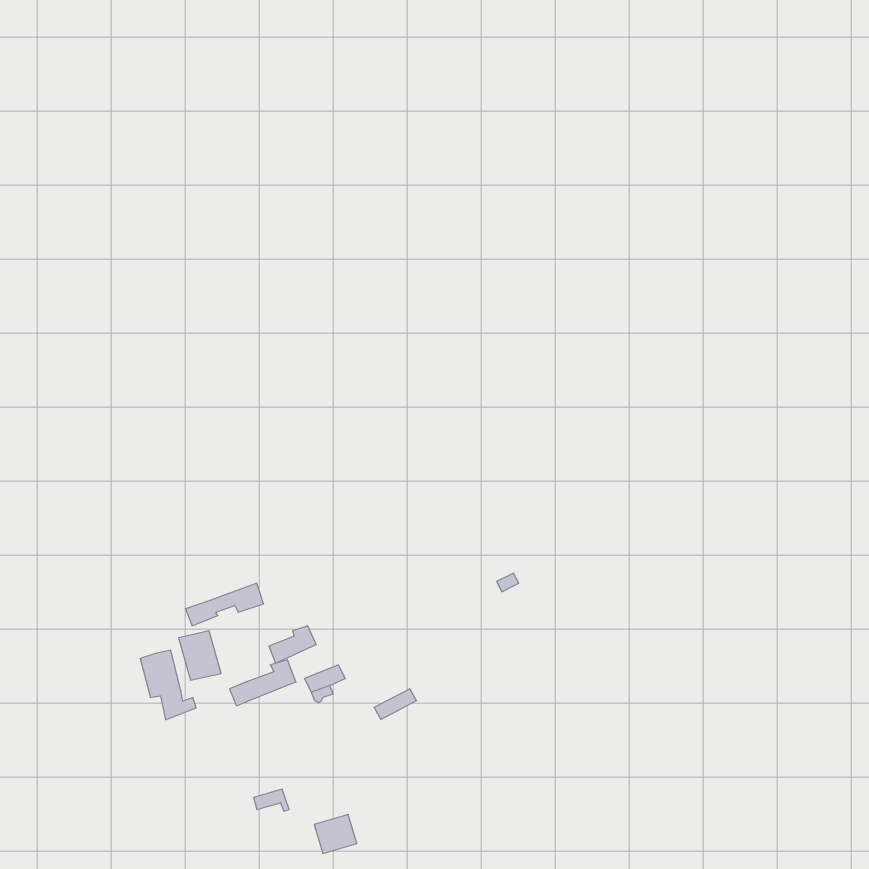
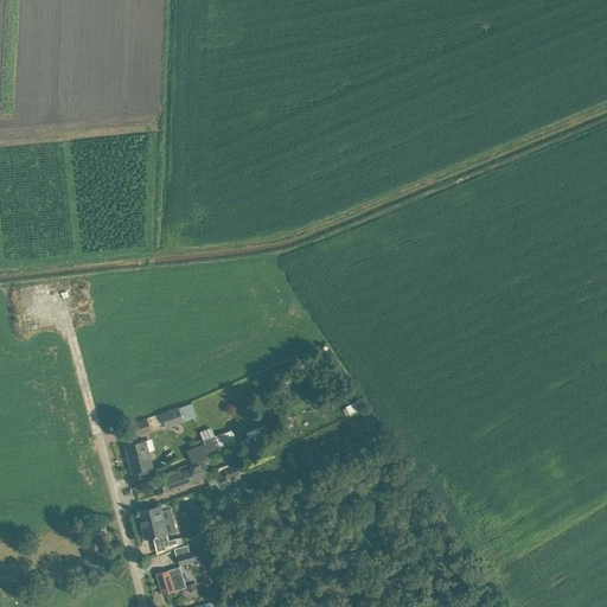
building: [140,650,196,720] -> [139,505,178,554]
building: [314,814,357,854] -> [156,567,186,594]

